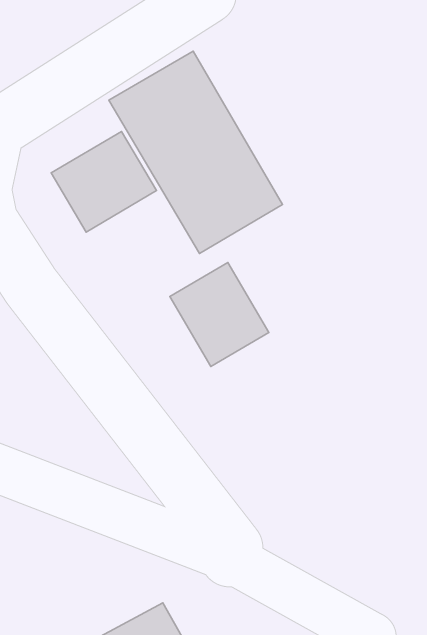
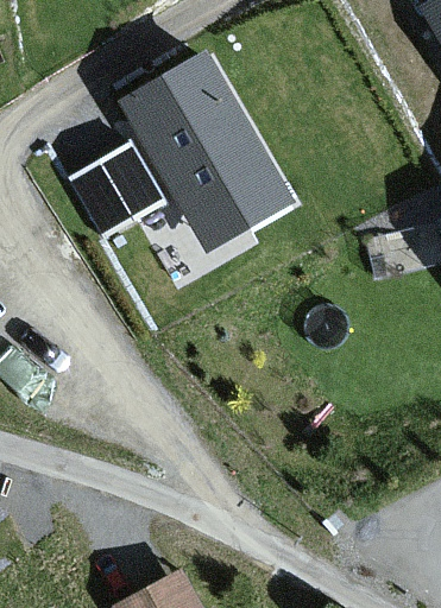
building: [170,262,269,367] -> none

